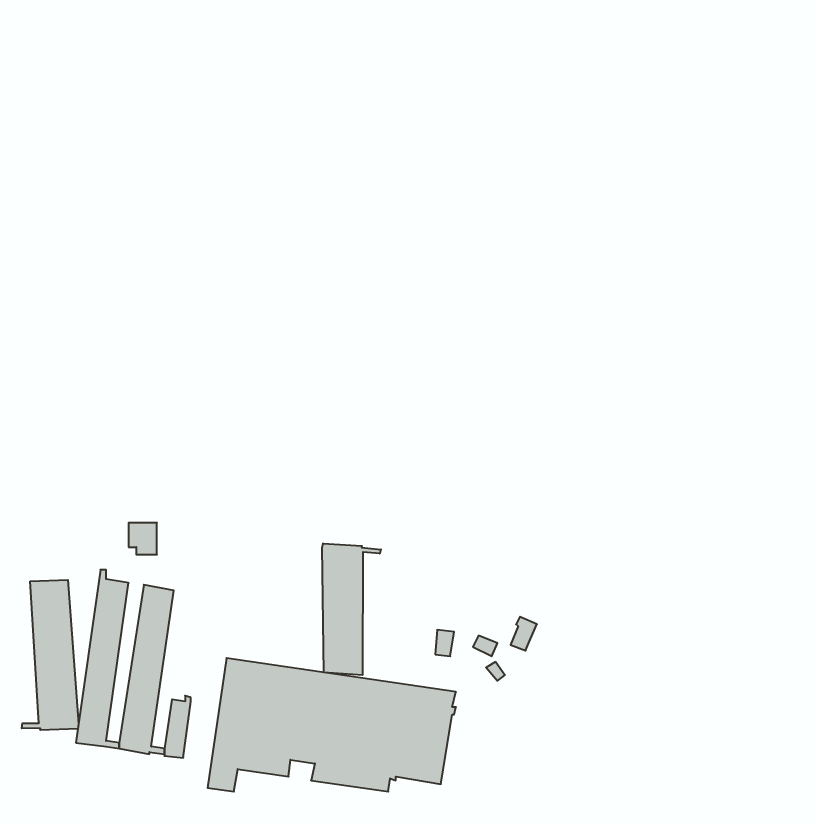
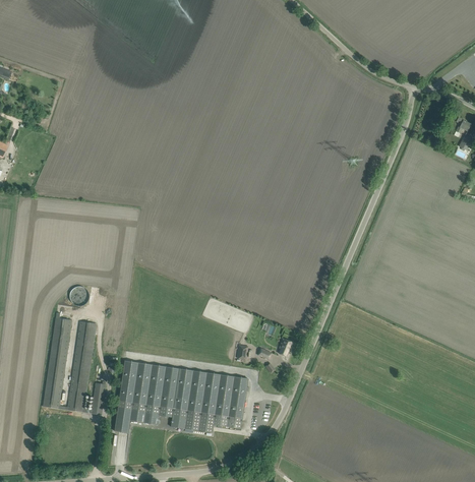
building: [322,543,381,675] -> none
building: [22,580,79,730] -> none

